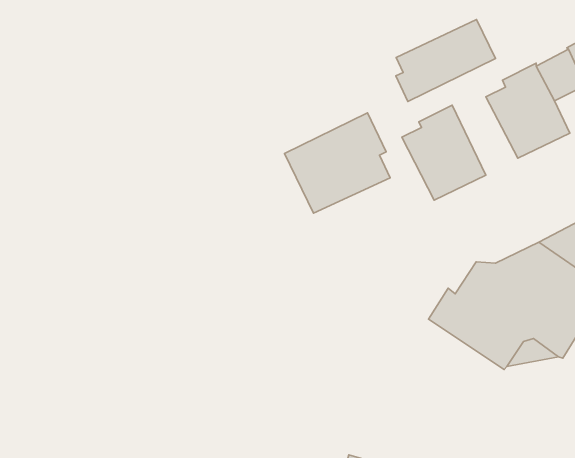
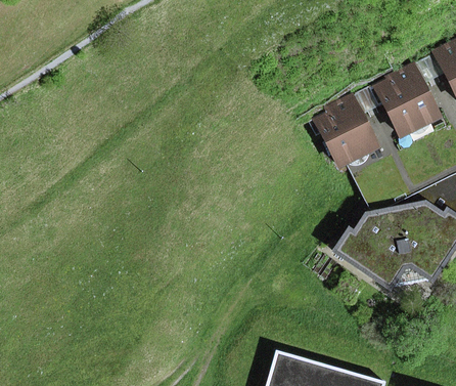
building: [396,20,496,102] -> none
building: [285,113,390,213] -> none

